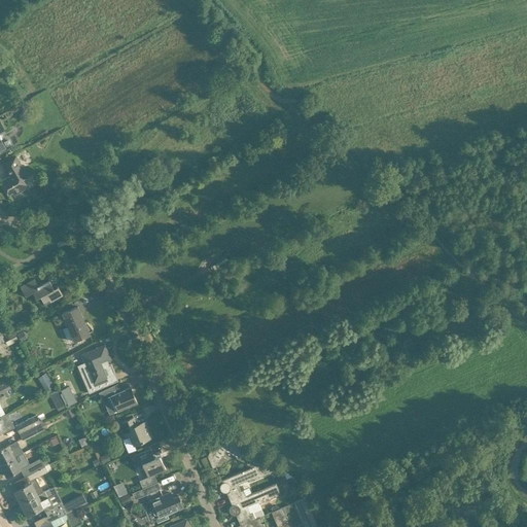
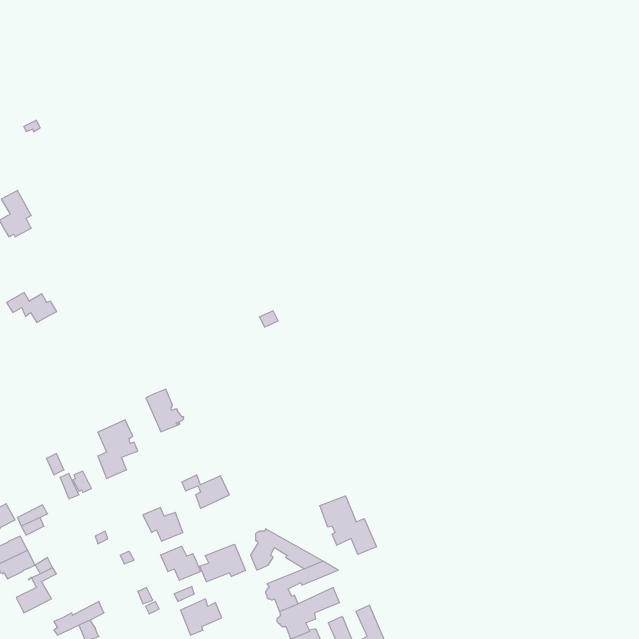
building: [20,280,61,305] -> [7,293,57,323]
building: [61,307,92,342] -> [146,389,184,432]
building: [97,387,136,415] -> [182,475,229,509]
building: none -> [320,496,376,554]
building: none -> [200,544,246,582]
building: [20,488,56,517] -> none

